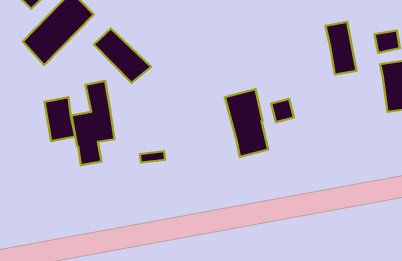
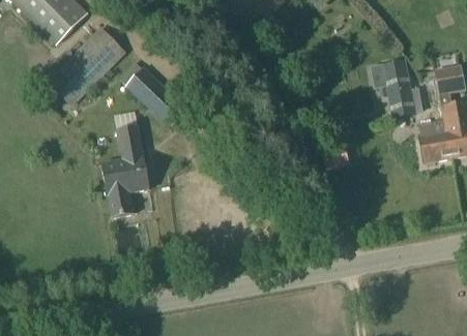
building: none -> [418,106,449,162]
building: [225,89,268,157] -> none
building: [44,97,75,141] -> none

